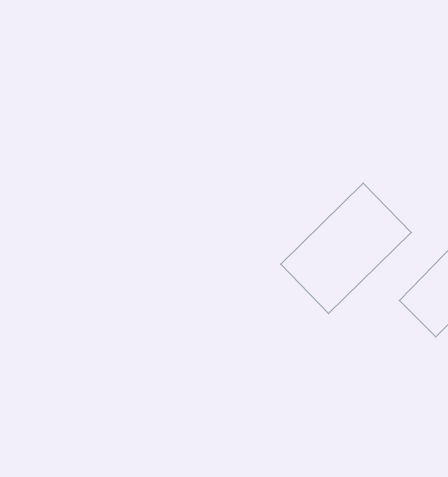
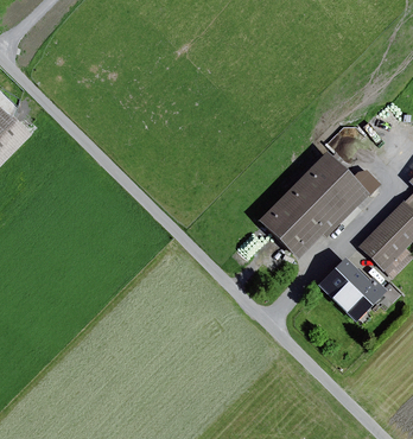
building: none -> [320,256,386,322]

